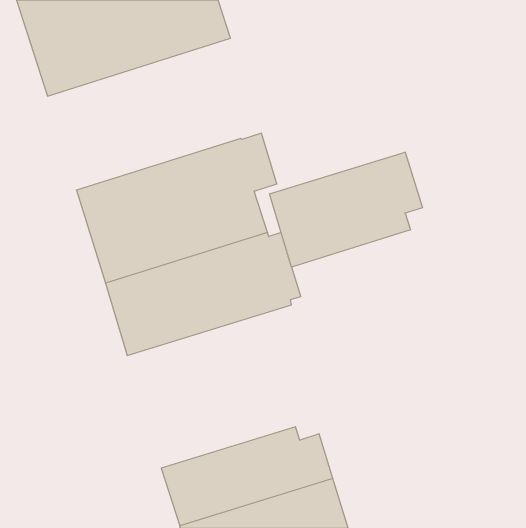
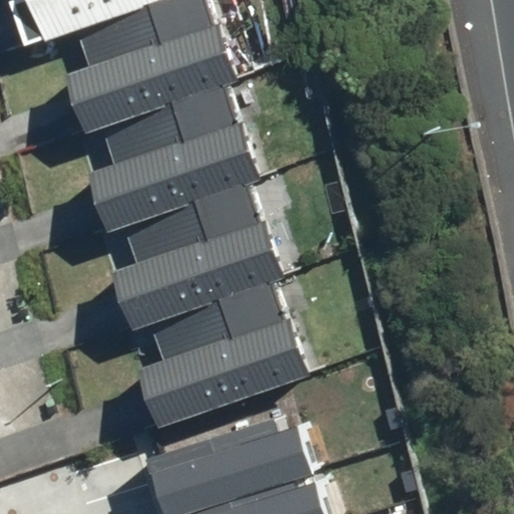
building: none -> [46,37,241,185]
building: [270,152,423,267] -> none
building: none -> [123,296,312,440]

